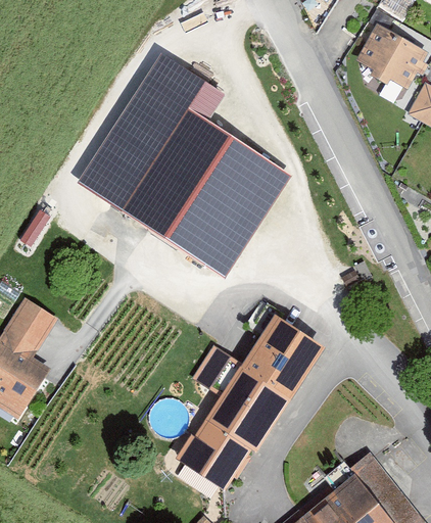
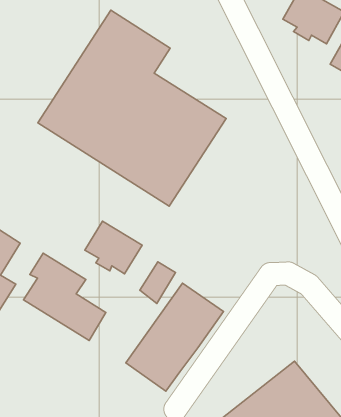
building: none -> [85,221,142,274]
building: [242,316,324,398] -> none
building: none -> [23,253,106,341]

